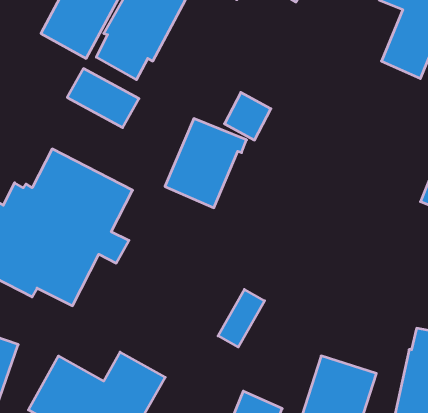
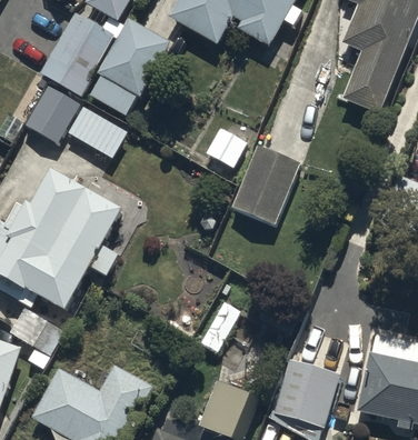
building: none -> [26,82,80,140]
building: [165,119,247,208] -> [230,146,302,224]

